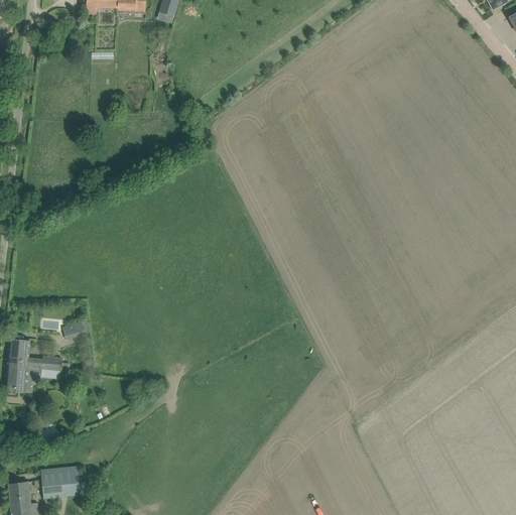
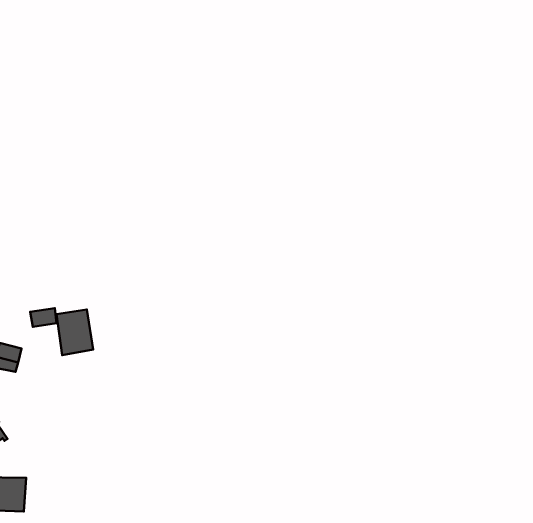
building: none -> [57,309,93,355]

